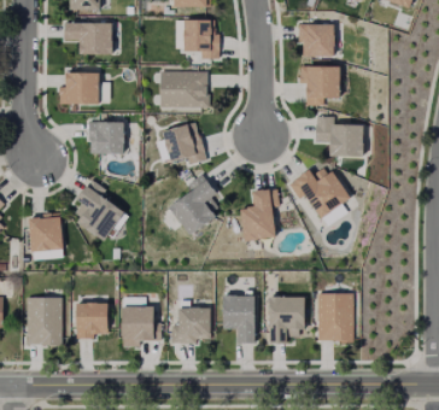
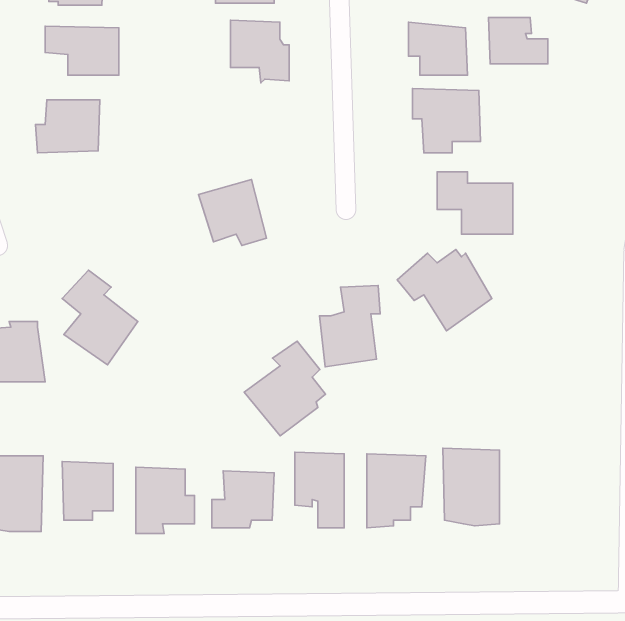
building: none -> [489,17,548,64]
building: [159,69,209,107] -> none
building: [87,121,123,152] -> none
building: [168,174,219,234] -> [244,341,326,436]

